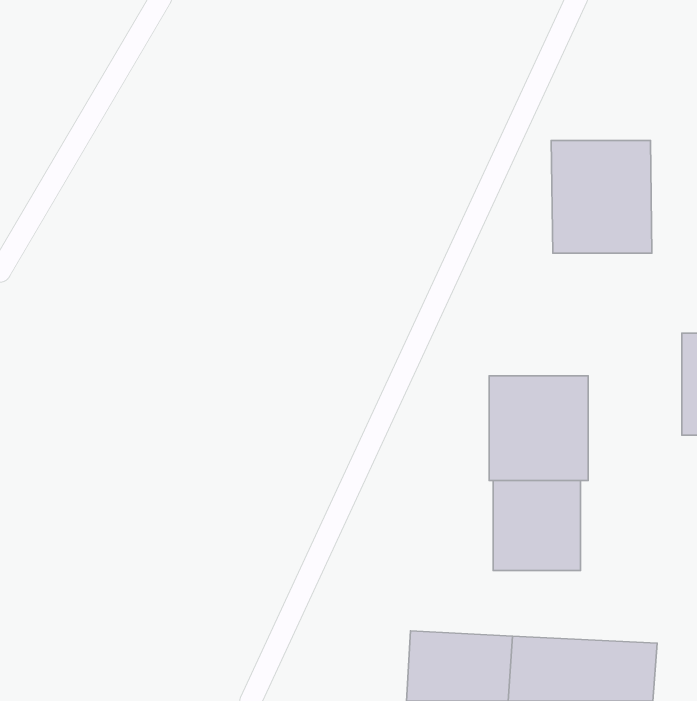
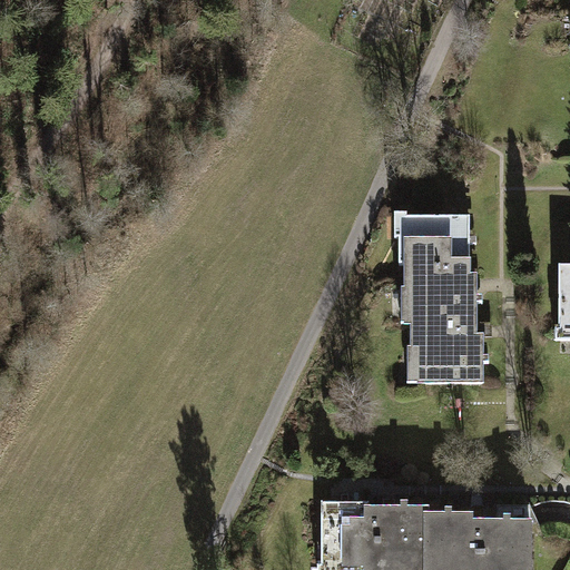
building: [551,140,652,253] -> [400,213,481,304]
building: [493,481,580,571] -> none

